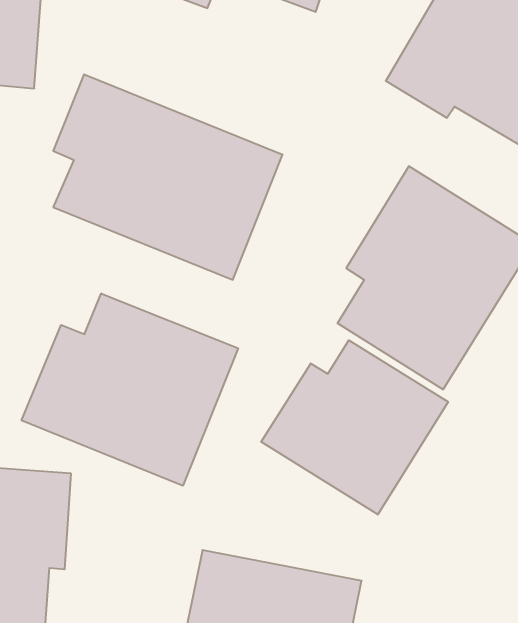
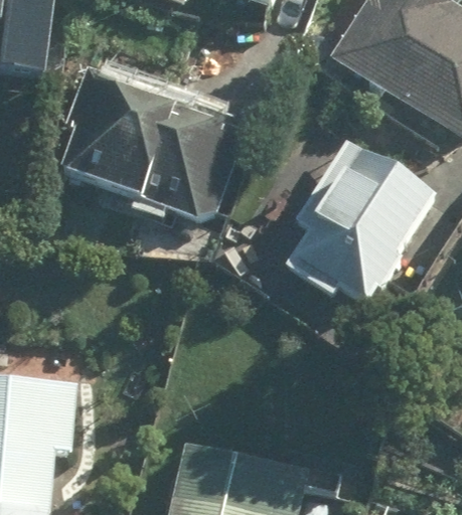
building: [22,293,238,486] -> none
building: [261,340,448,515] -> none

